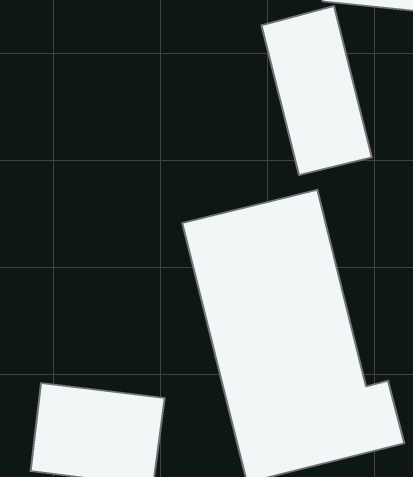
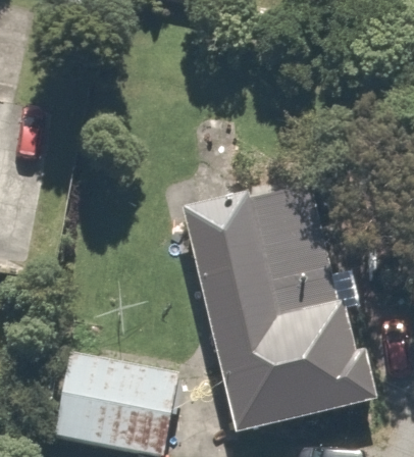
building: [262,6,372,175] -> none

